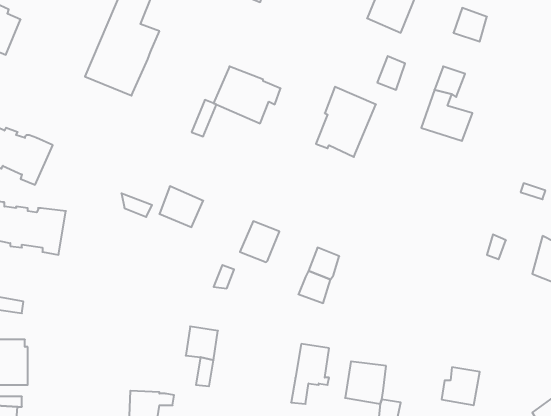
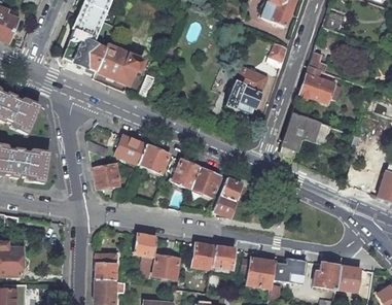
building: [213,66,281,123] -> [96,44,143,84]
building: none -> [280,112,331,159]
building: none -> [138,144,170,173]
building: none -> [94,160,119,189]
building: none -> [191,166,226,198]
building: none -> [191,242,215,269]
building: none -> [95,253,116,279]
building: none -> [153,255,179,278]
building: none -> [273,257,307,283]
building: none -> [336,265,360,292]

